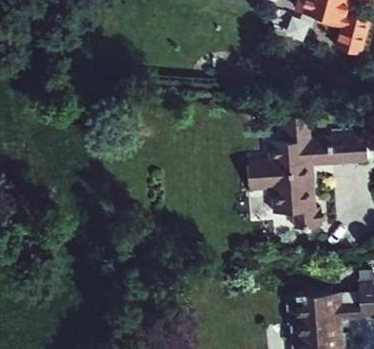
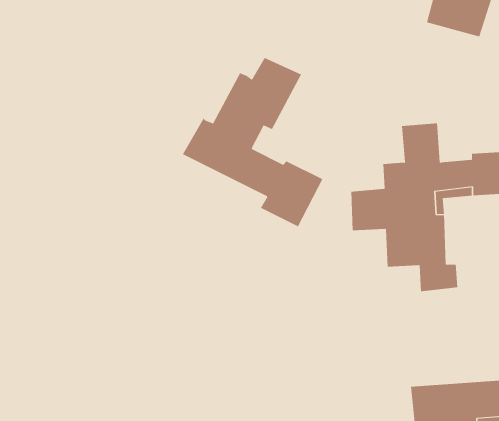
building: none -> [182,57,323,227]

